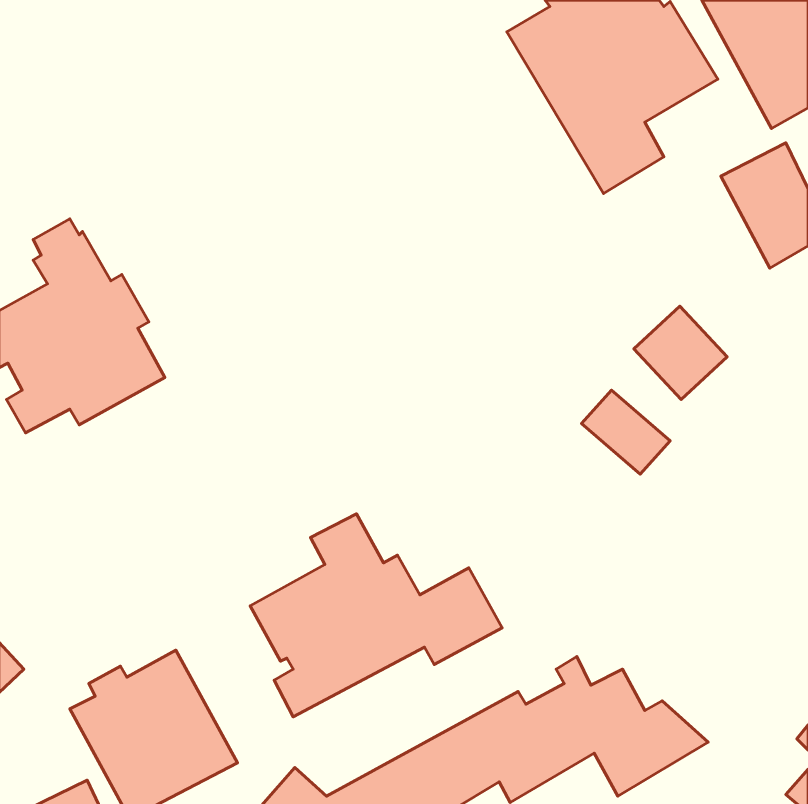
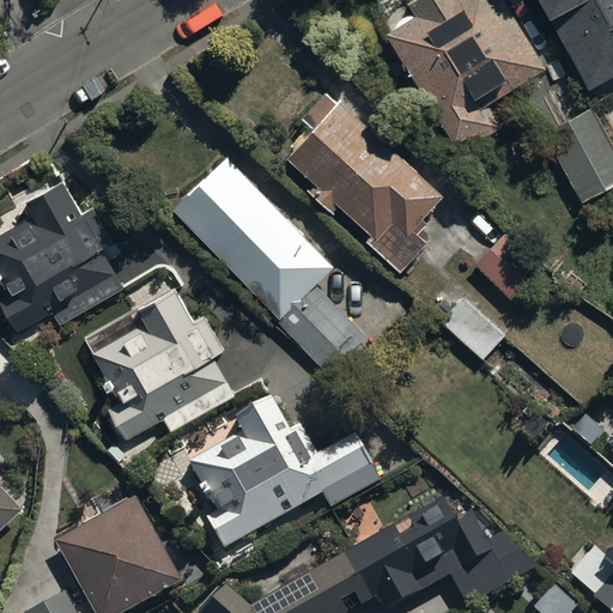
building: none -> [287,98,444,274]
building: none -> [171,153,363,371]
building: none -> [83,281,232,438]

